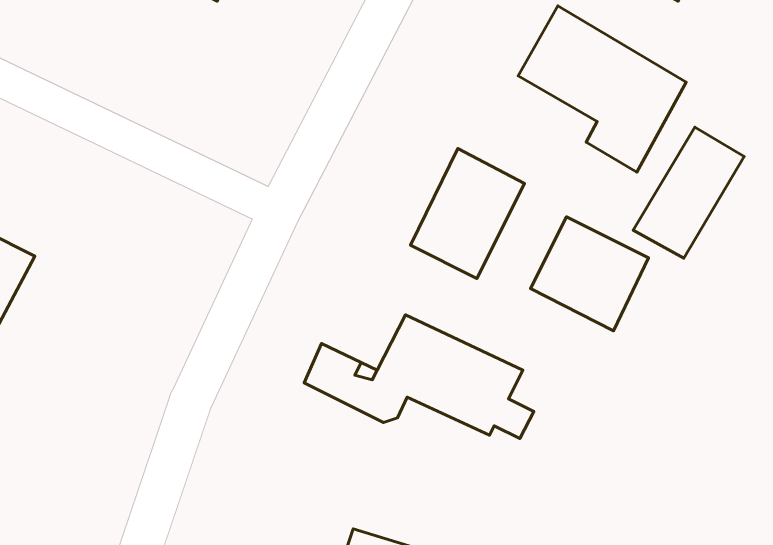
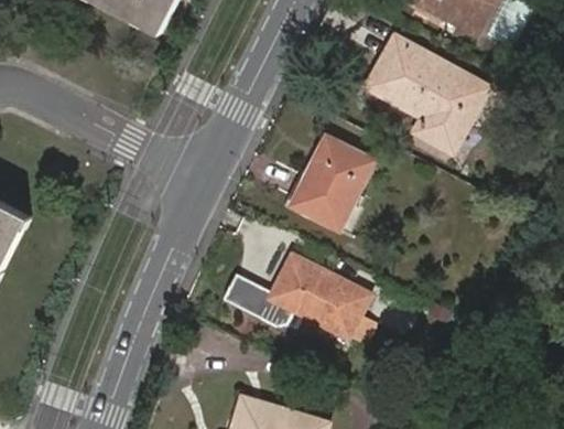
building: [633,127,744,258] -> none
building: [531,217,649,331] -> none

